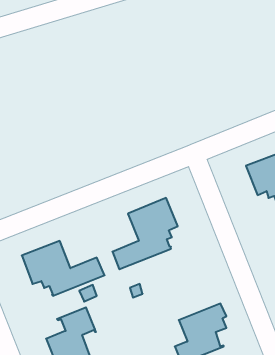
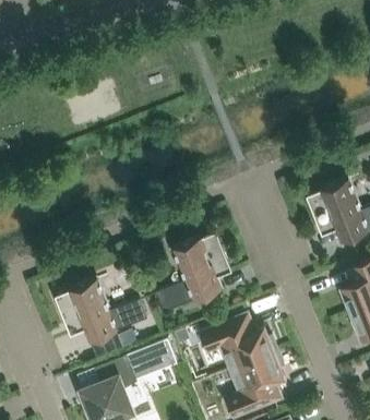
building: none -> [200,314,277,369]
building: none -> [127,339,176,379]

